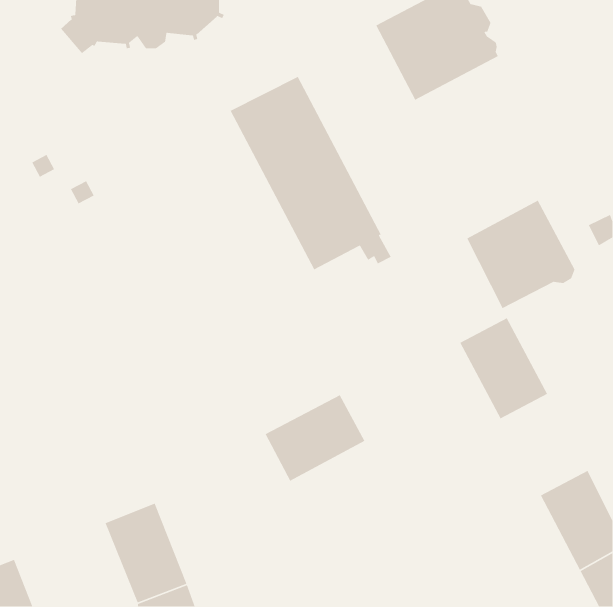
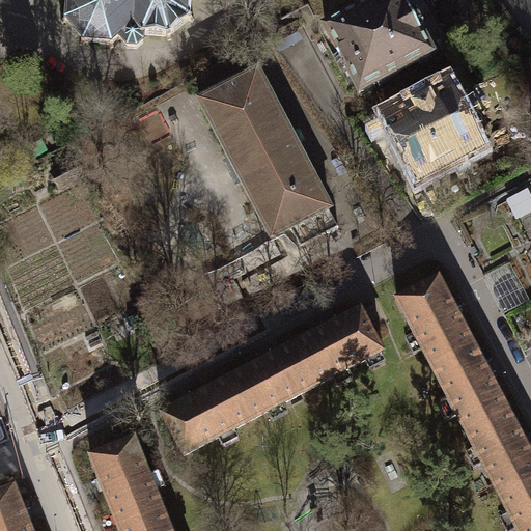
building: [466,200,576,309] -> [386,81,480,175]
building: none -> [294,305,382,381]
building: none -> [431,340,507,427]
building: none -> [162,374,250,450]

